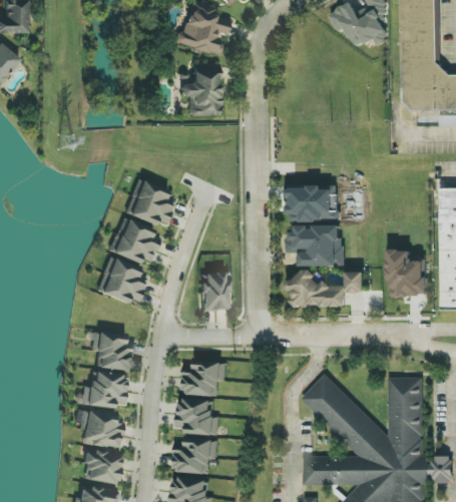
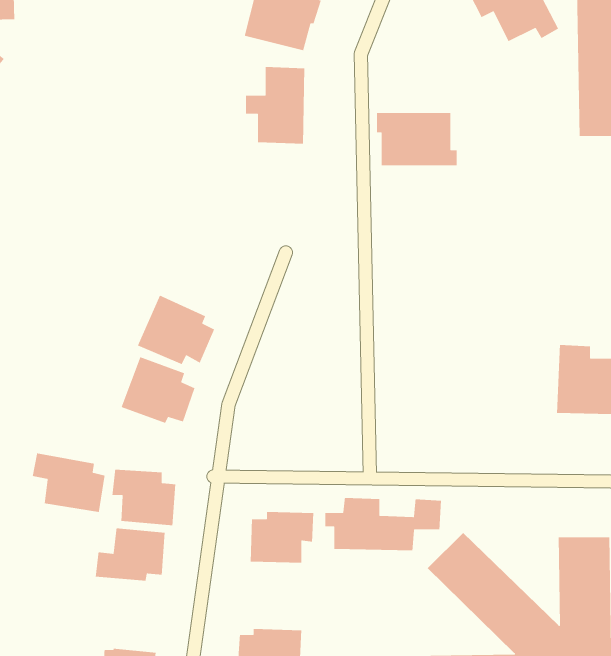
building: [124,179,173,224] -> none
building: [286,185,340,221] -> [376,112,457,166]
building: [286,225,343,266] -> none
building: [286,271,364,307] -> [325,497,442,551]
building: [200,272,229,311] -> none
building: [176,400,218,435] -> none
building: [73,409,122,449] -> [32,453,105,513]

